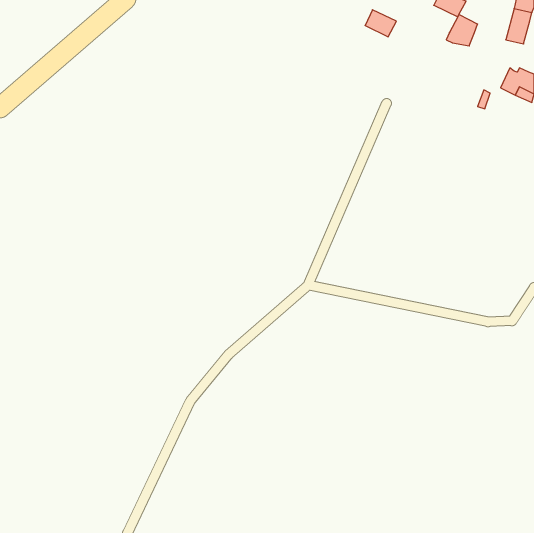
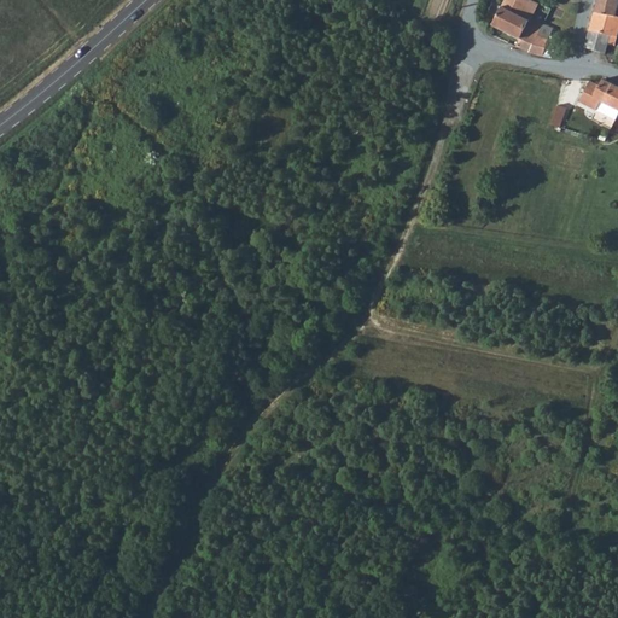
building: [365,10,396,37] -> [492,6,529,37]

